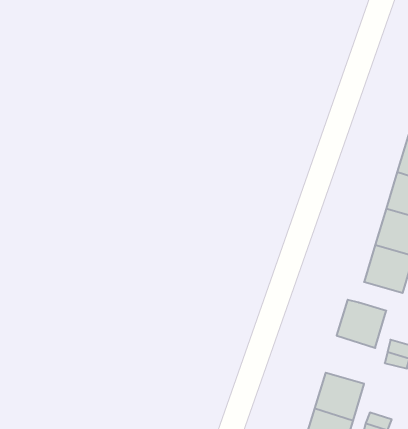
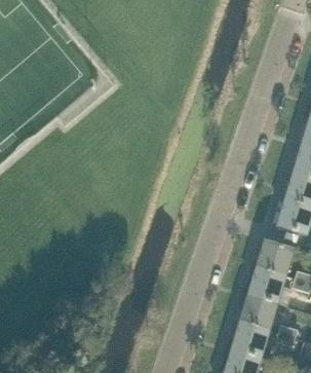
building: none -> [247,265,284,301]

